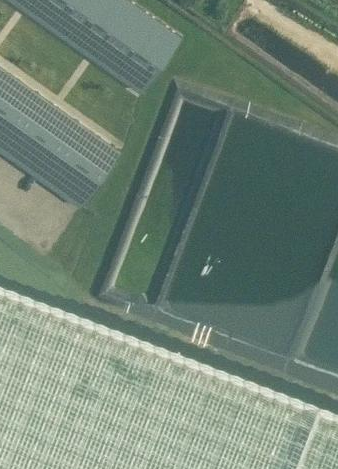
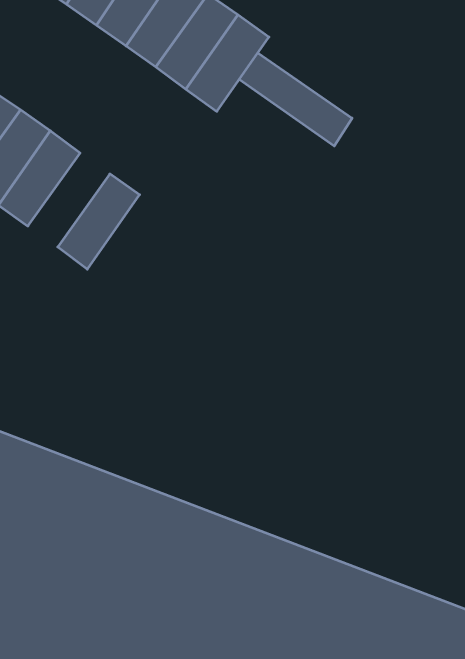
building: none -> [239,53,352,146]
building: [19,113,74,176] -> none
building: [59,141,115,206] -> none

